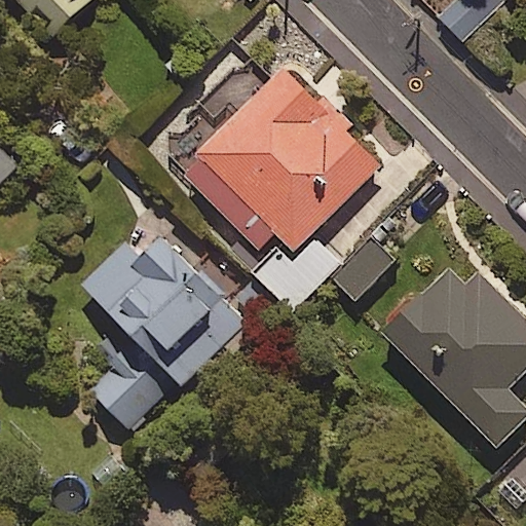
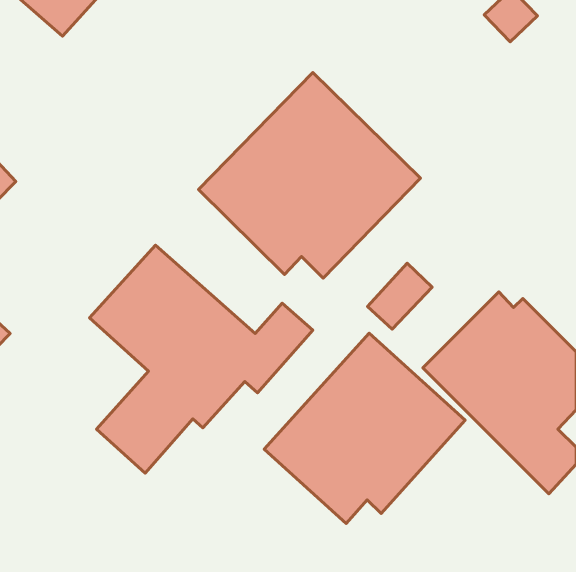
building: none -> [264,333,465,523]

